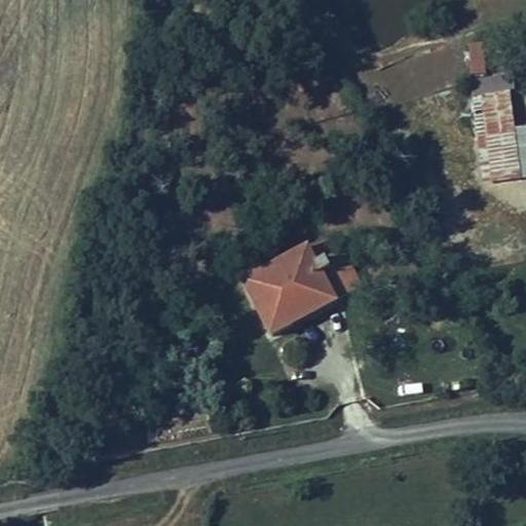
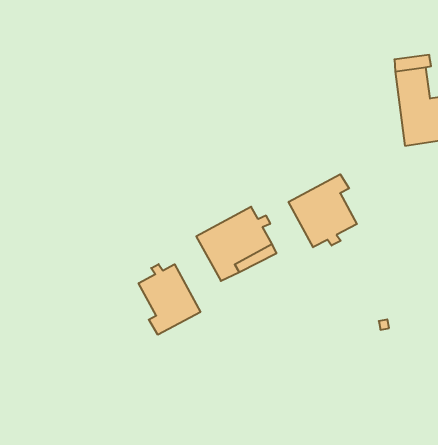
building: none -> [289,174,357,247]
building: none -> [139,264,200,335]

